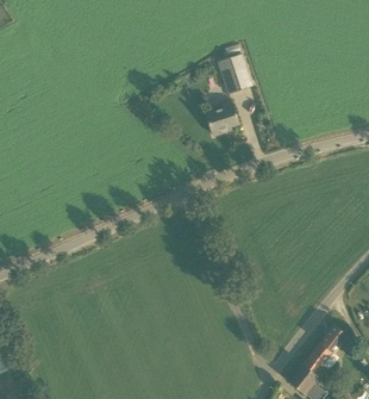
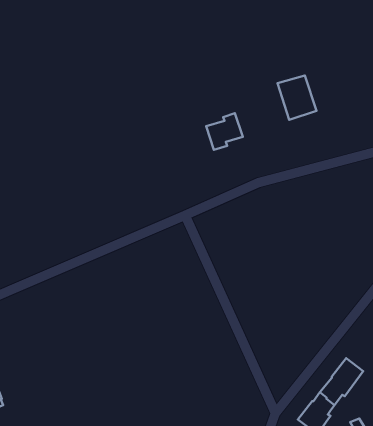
building: [217,55,252,95] -> [277,75,317,120]

